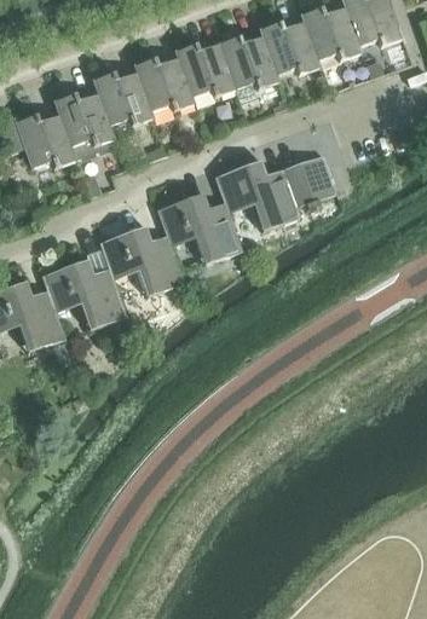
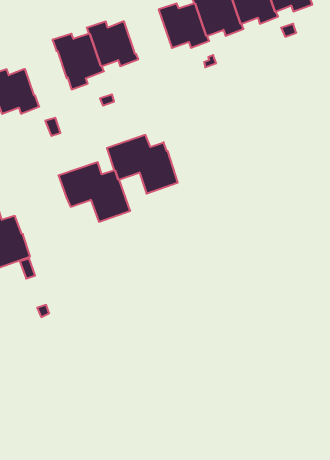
building: [174,44,235,97] -> none
building: [54,93,117,160] -> none
building: [215,155,336,231] -> none
building: [41,259,127,330] -> none

